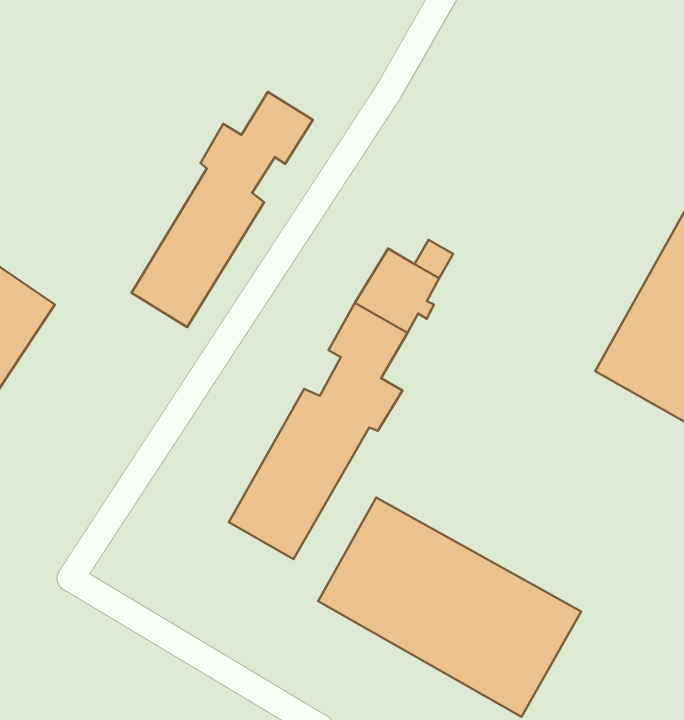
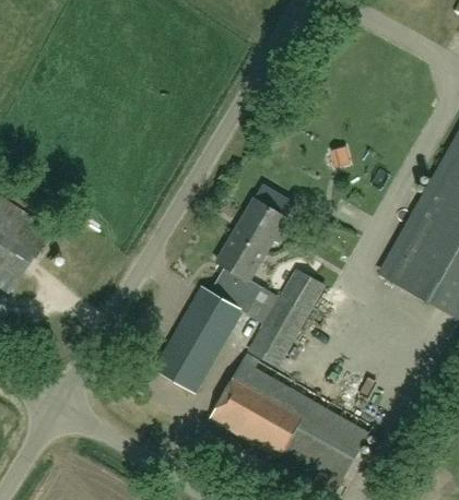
building: [131,92,313,327] -> none
building: none -> [248,266,327,367]

